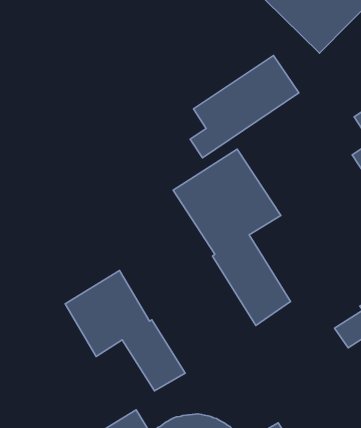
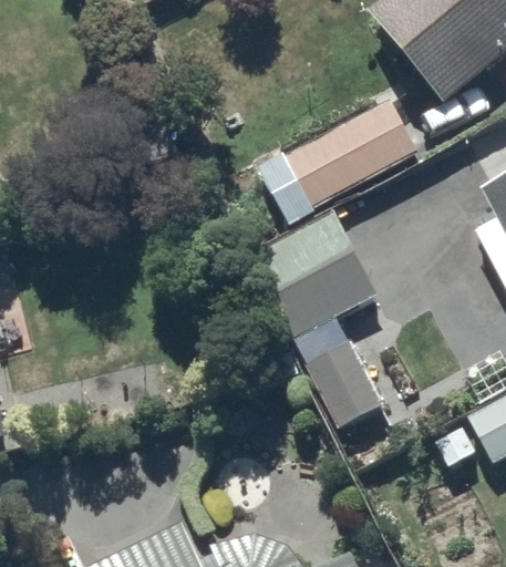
building: [65,270,185,391] -> none

